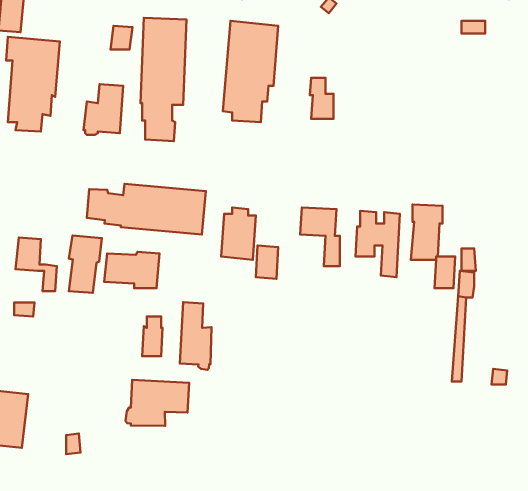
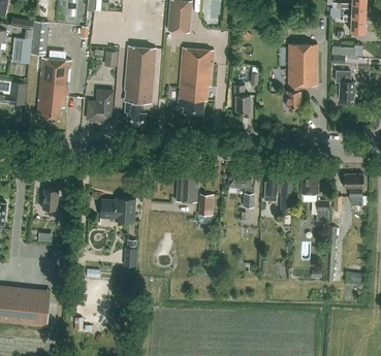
building: none -> [286,43,317,107]
building: none -> [336,71,354,99]
building: [87,184,206,235] -> none
building: none -> [344,174,363,206]
building: [69,235,102,293] -> none
building: [180,302,211,370] -> none
building: [126,380,189,426] -> none

